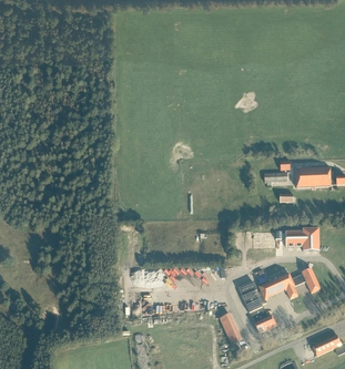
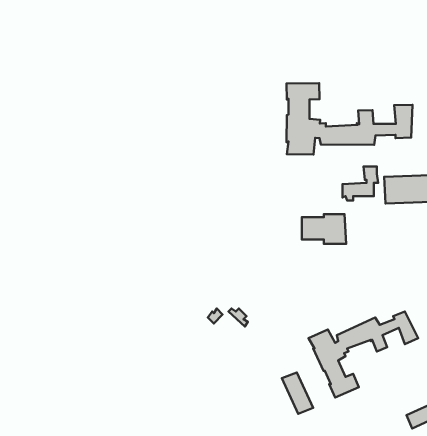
building: none -> [287,83,413,154]
building: [287,228,321,250] -> [302,214,346,244]

